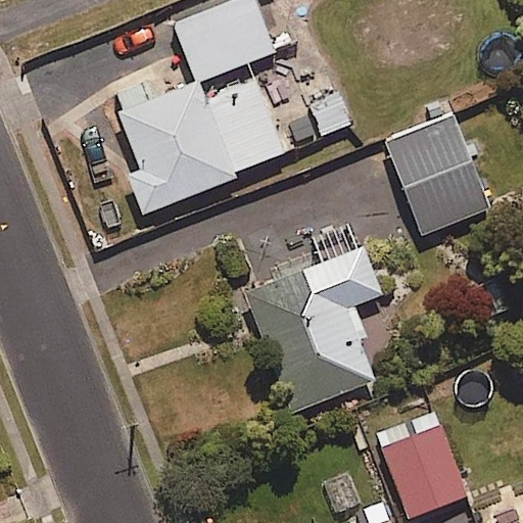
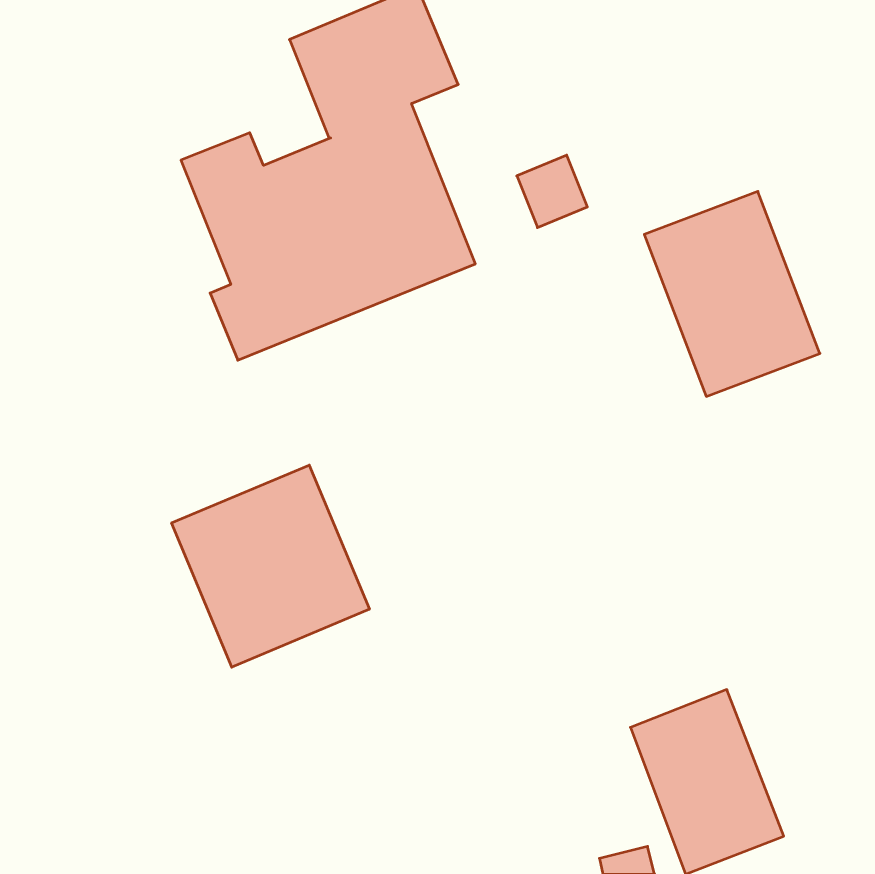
building: [235,221,382,417] -> none
building: none -> [172,465,369,667]

